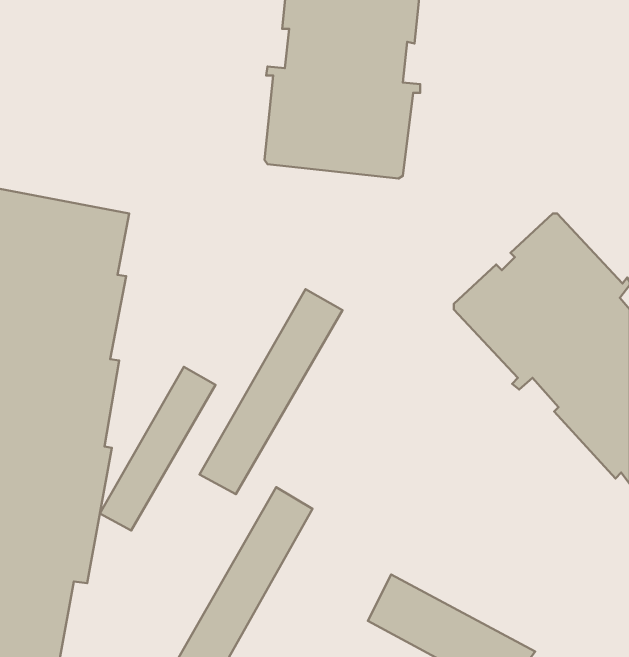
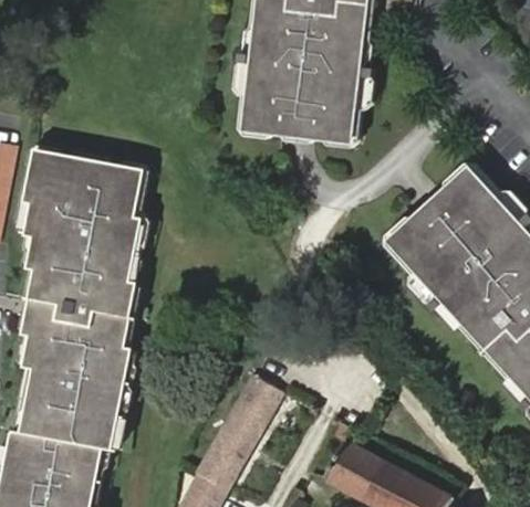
building: [200,289,342,494] -> none
building: [100,367,216,530] -> none

